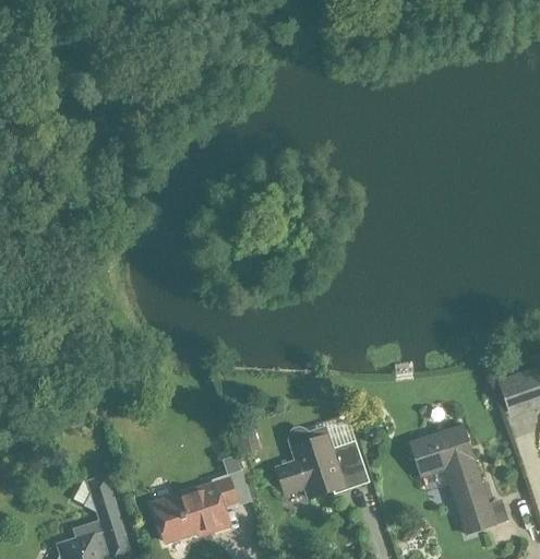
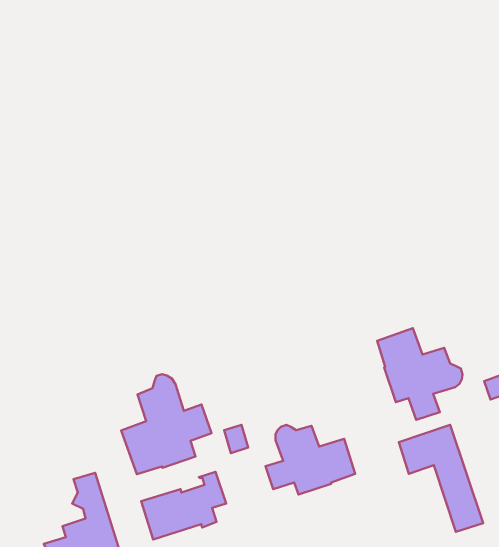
building: none -> [377,328,462,420]
building: none -> [121,374,211,474]

